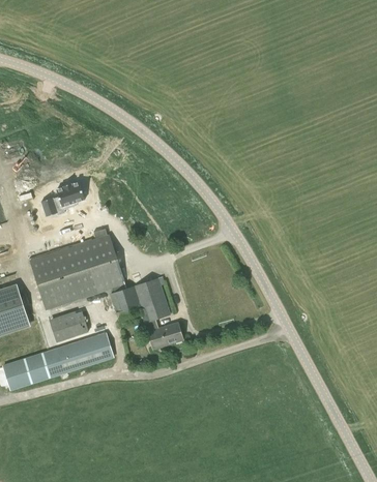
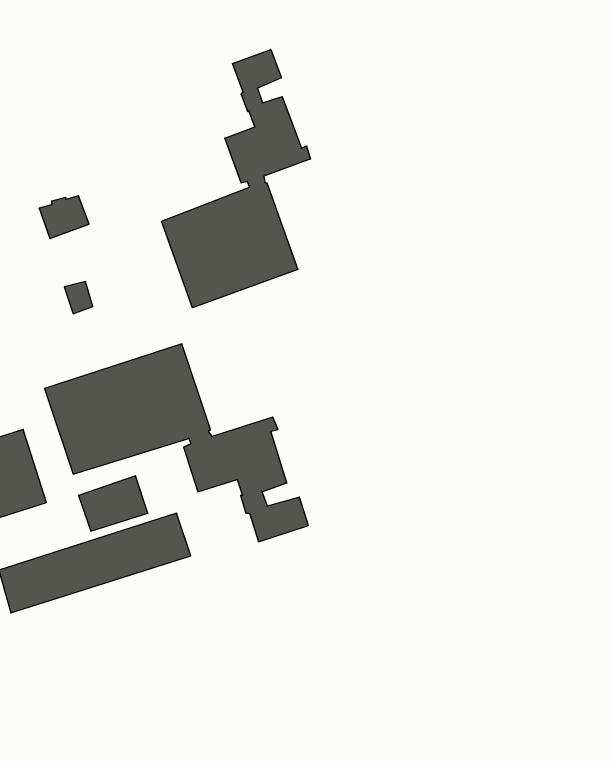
building: none -> [162,49,310,308]
building: [56,182,85,207] -> [39,196,89,239]

